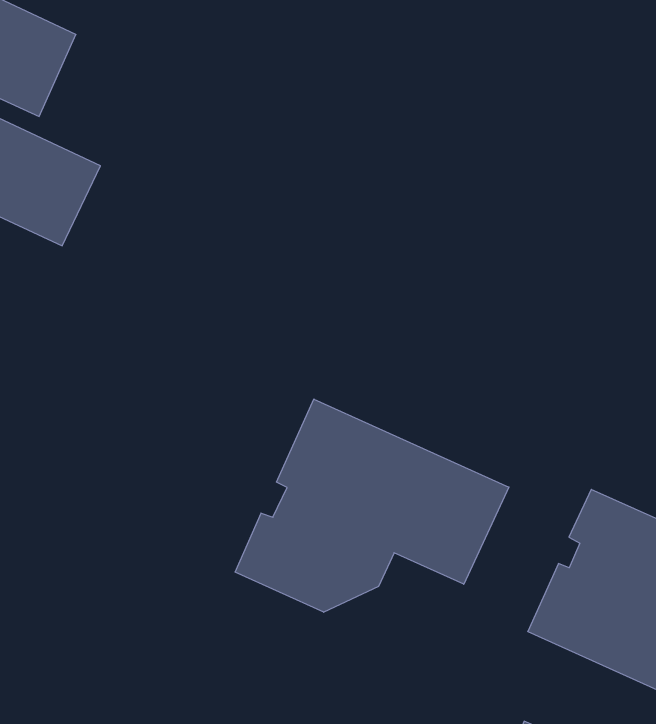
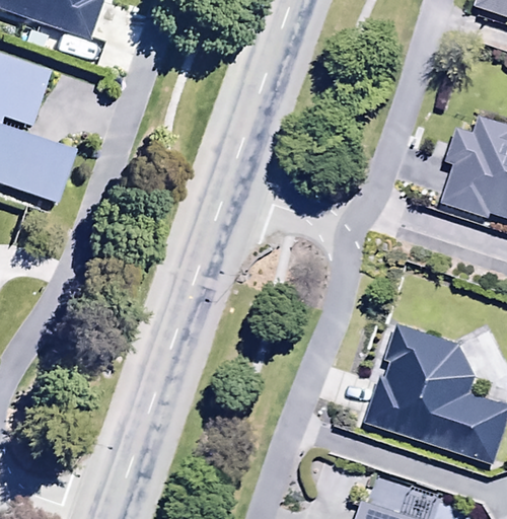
building: [235,399,509,612] -> none

